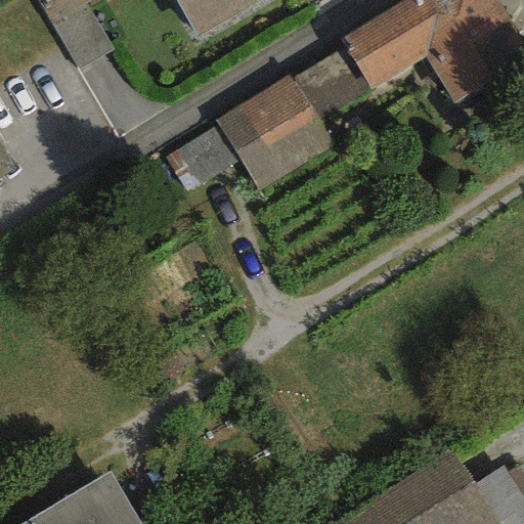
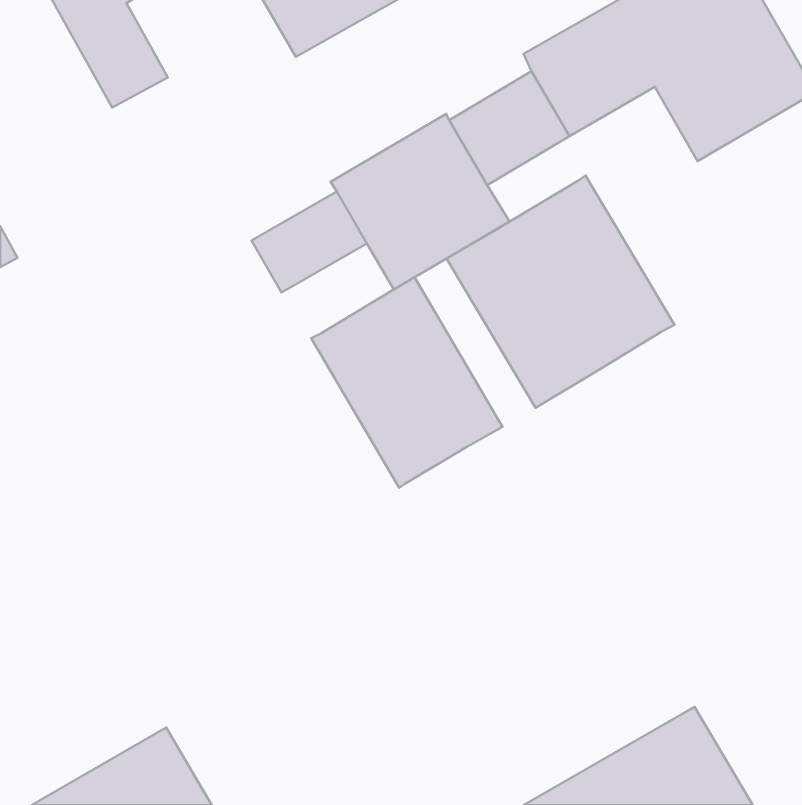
building: none -> [446,176,674,408]
building: none -> [311,277,503,488]

